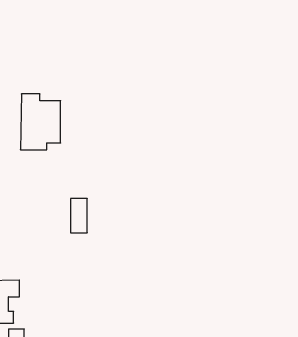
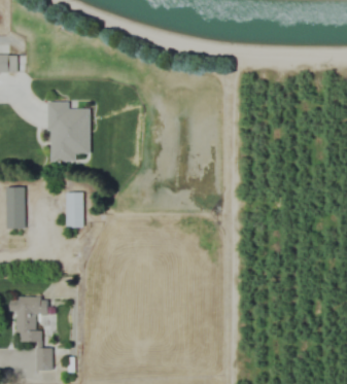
building: [71,199,87,233] -> [66,191,83,228]

